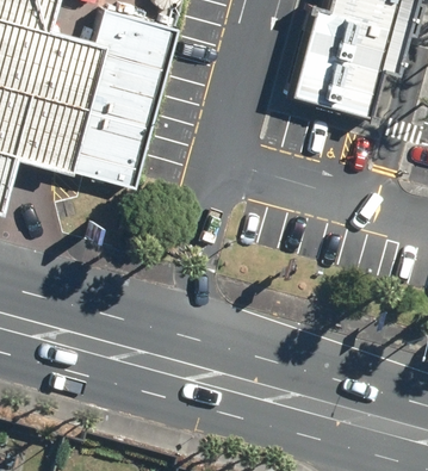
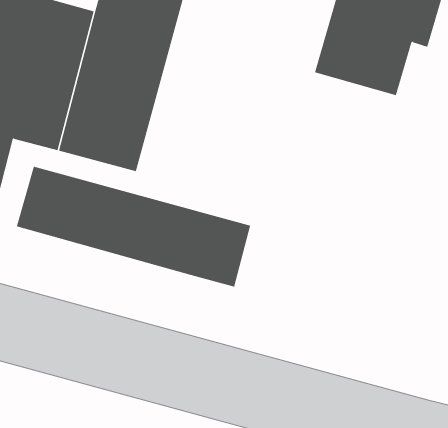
building: none -> [16,166,251,288]

